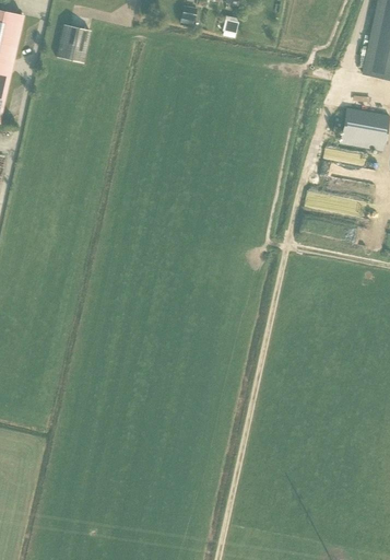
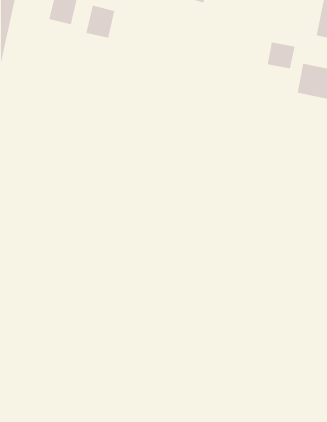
building: none -> [86,5,115,38]
building: none -> [267,41,295,69]

